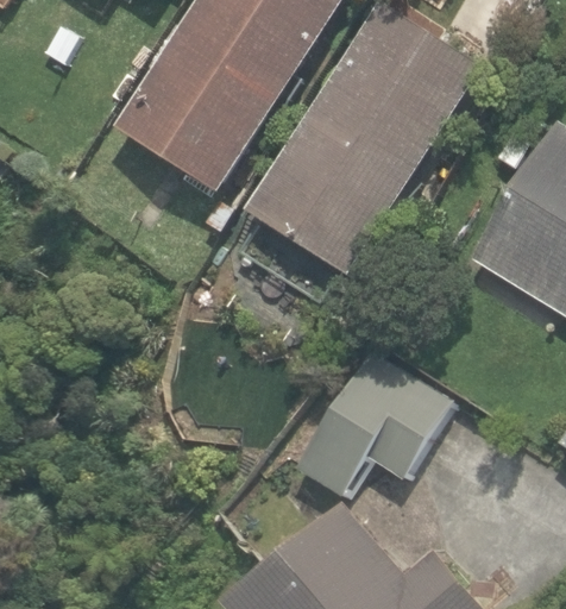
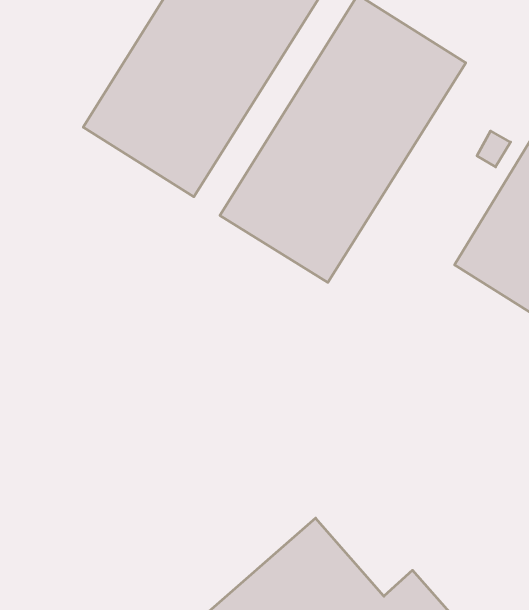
building: [291,346,448,500] -> none

